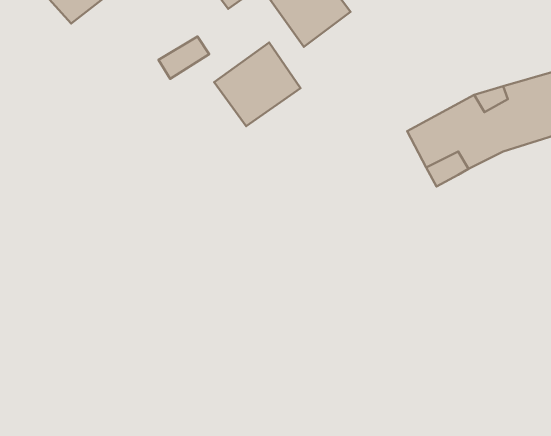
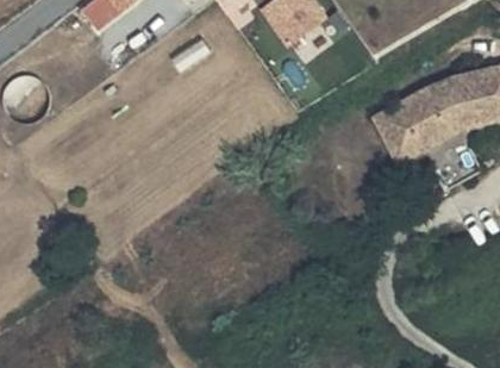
building: [214,43,300,126] -> none

